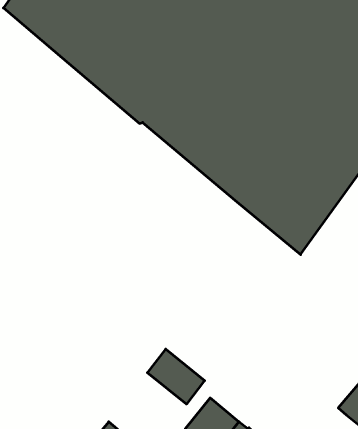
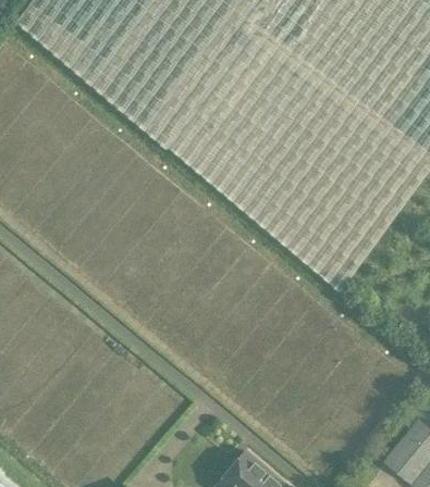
building: [147,349,205,404] -> none

